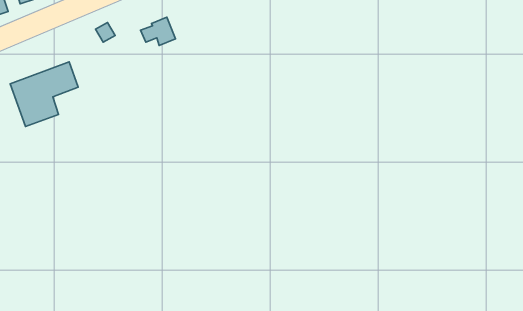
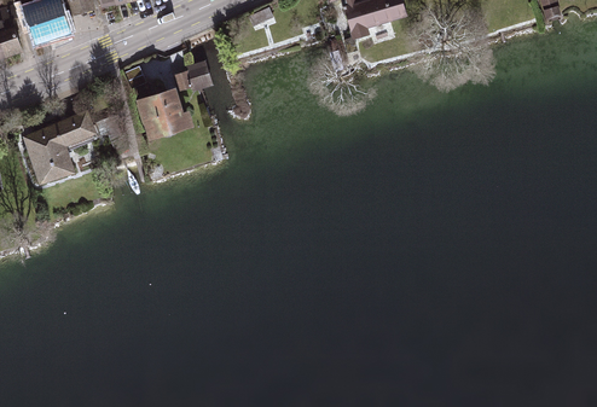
building: none -> [133,83,191,133]

